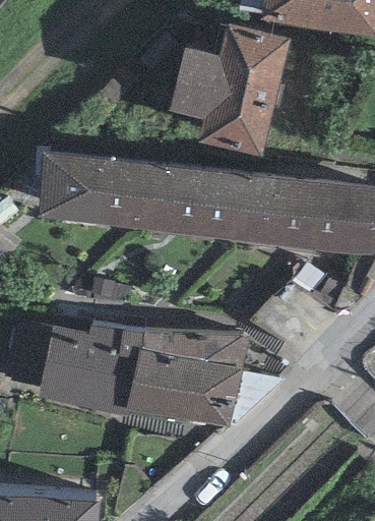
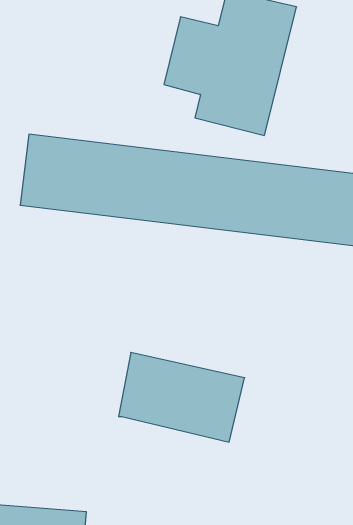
building: [38,328,140,418] -> none

